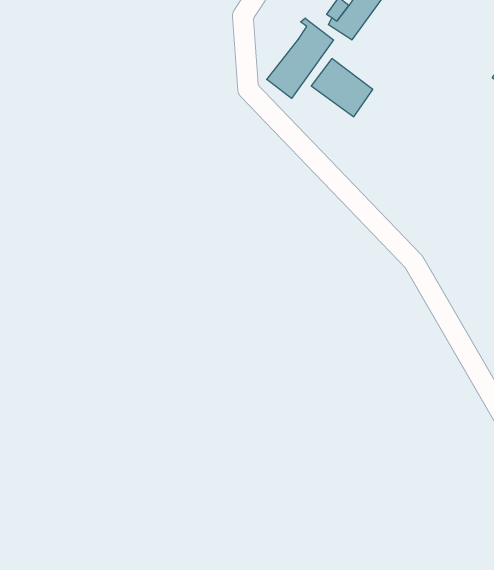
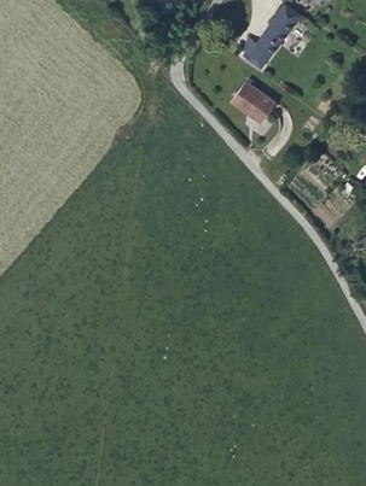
building: [267,18,334,98] -> none

